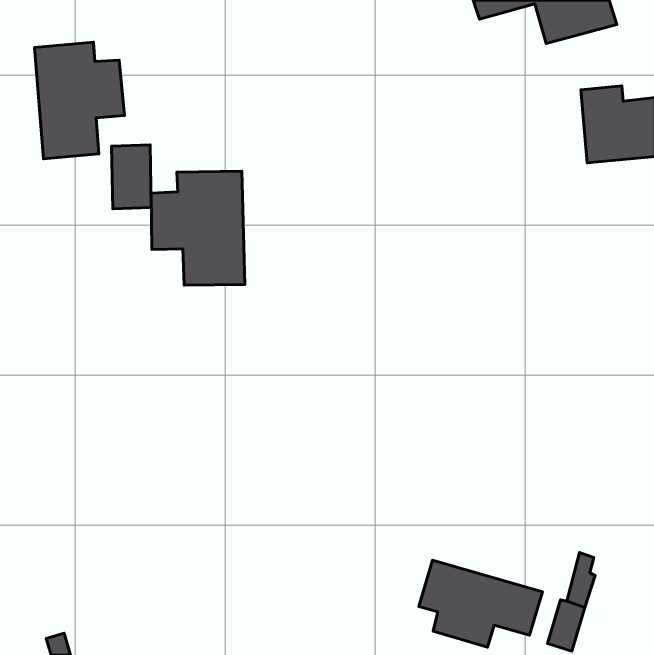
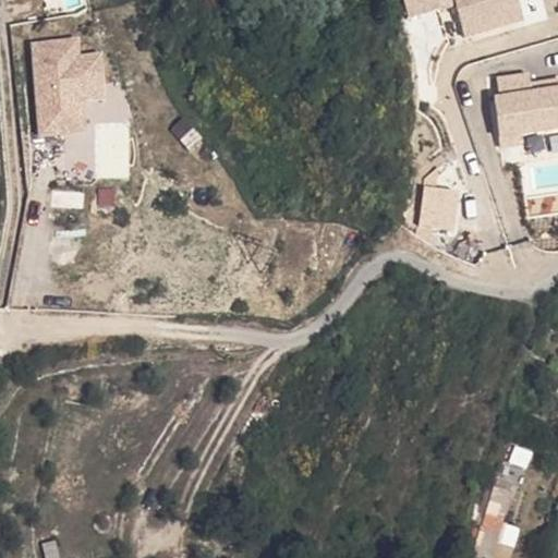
building: [151,171,245,285] -> none
building: none -> [421,187,459,229]
building: [419,560,543,647] -> none

